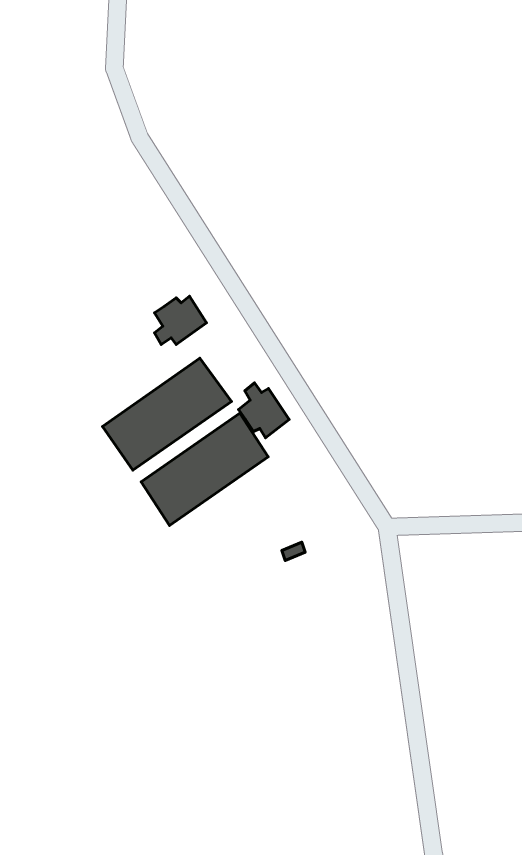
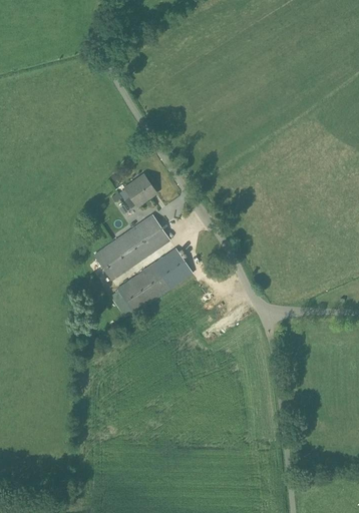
building: [238,383,289,438] -> none

